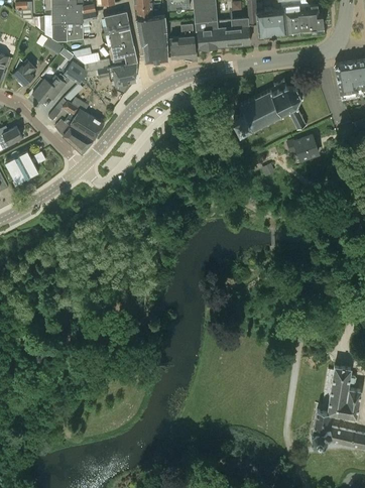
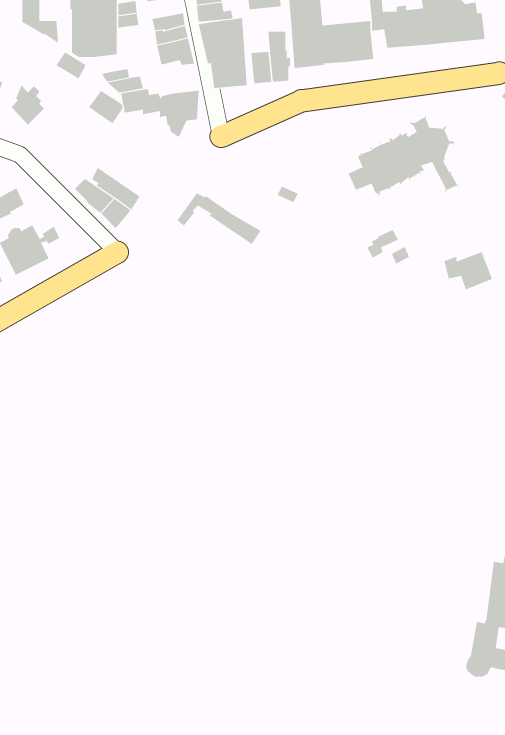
building: [111,43,136,65] -> none
building: [32,77,67,103] -> none
building: [48,98,104,132] -> [176,192,262,245]
building: [286,135,319,160] -> [443,251,493,290]

